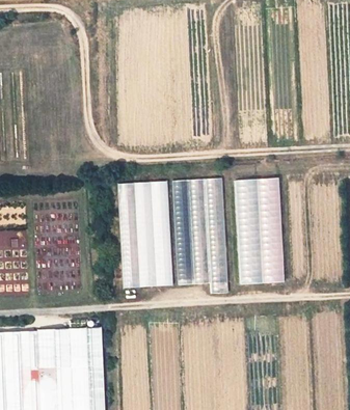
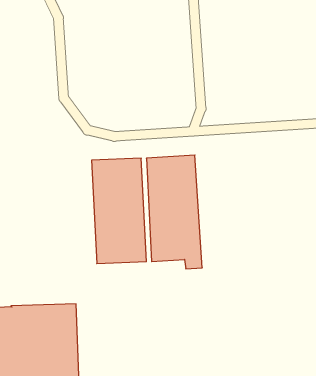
building: [234,177,284,284] -> none

